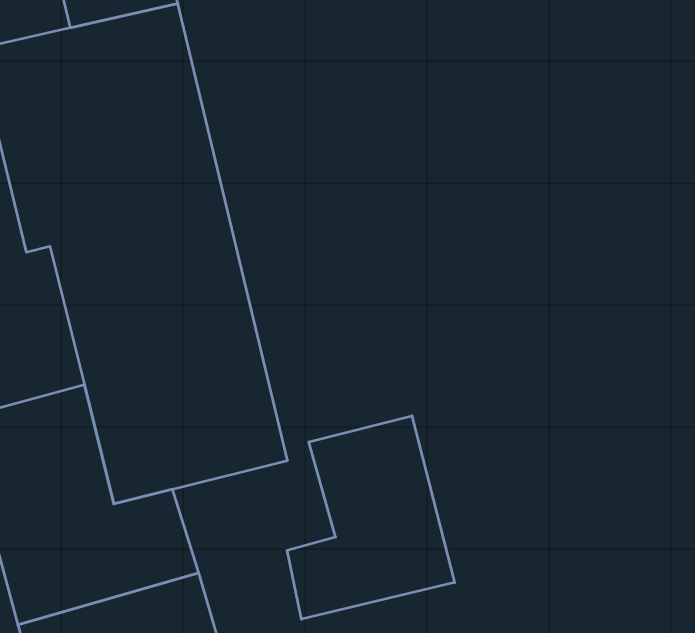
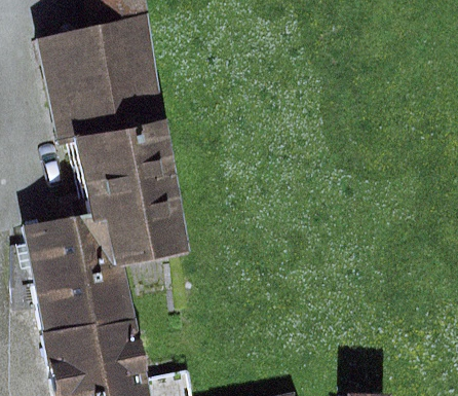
building: [287,416,455,619] -> none

